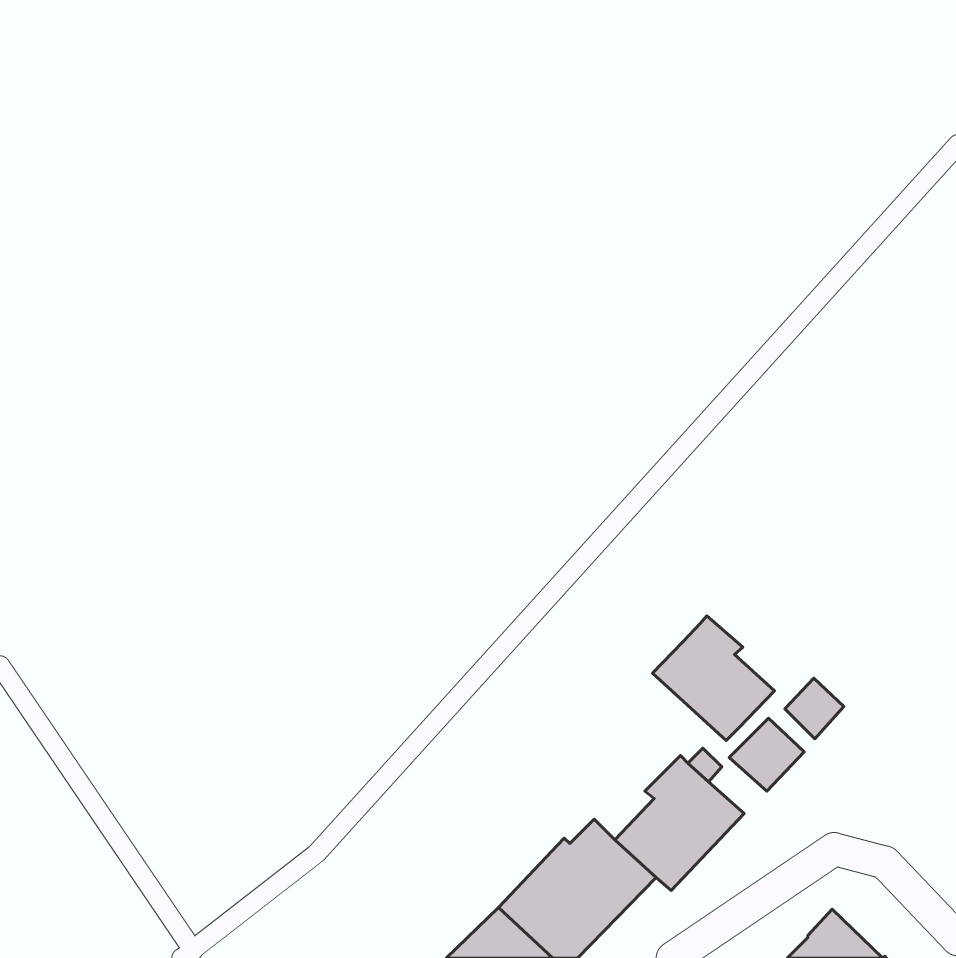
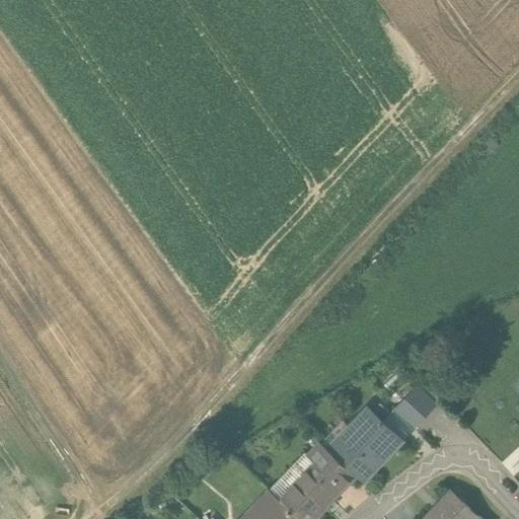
building: [653,616,774,741] -> none
building: [785,678,844,739] -> none

